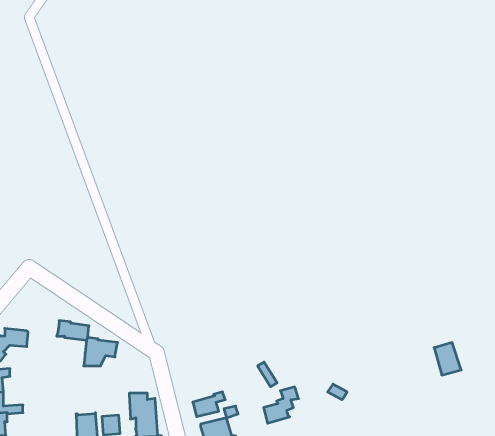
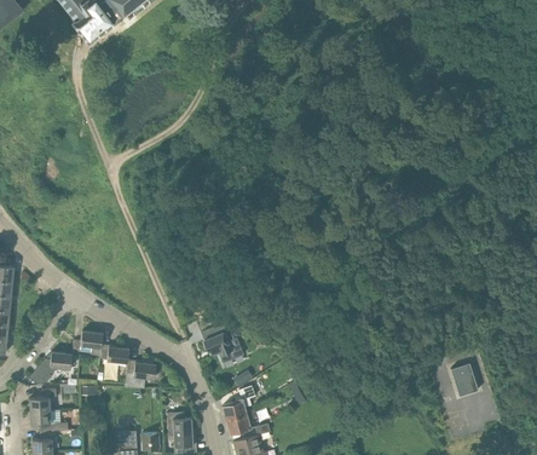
building: none -> [201,321,243,362]
building: none -> [71,330,103,355]
building: [264,387,299,423] -> [223,386,255,420]

